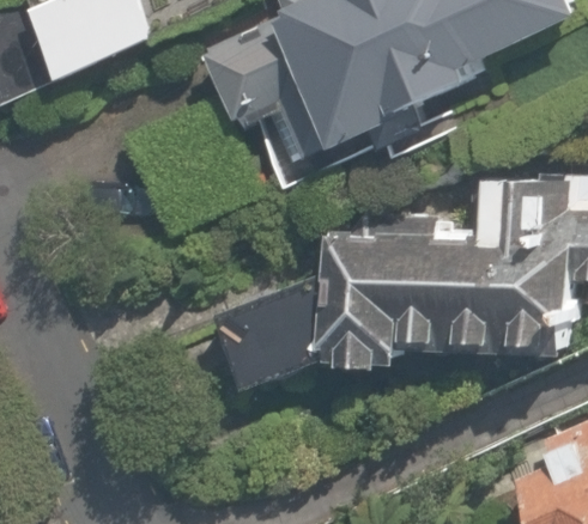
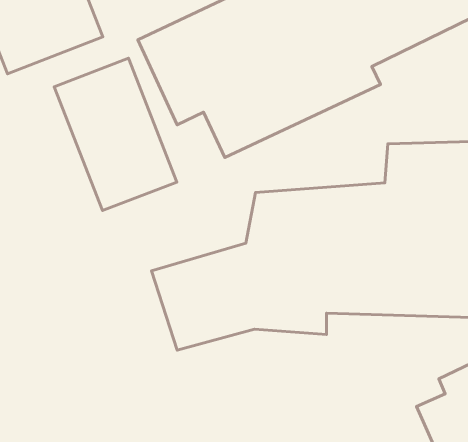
building: none -> [54,58,177,211]

